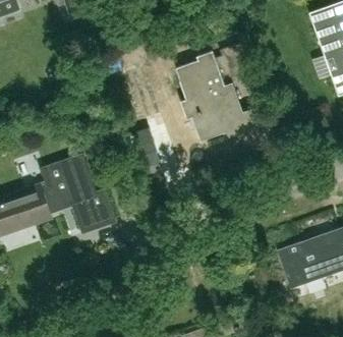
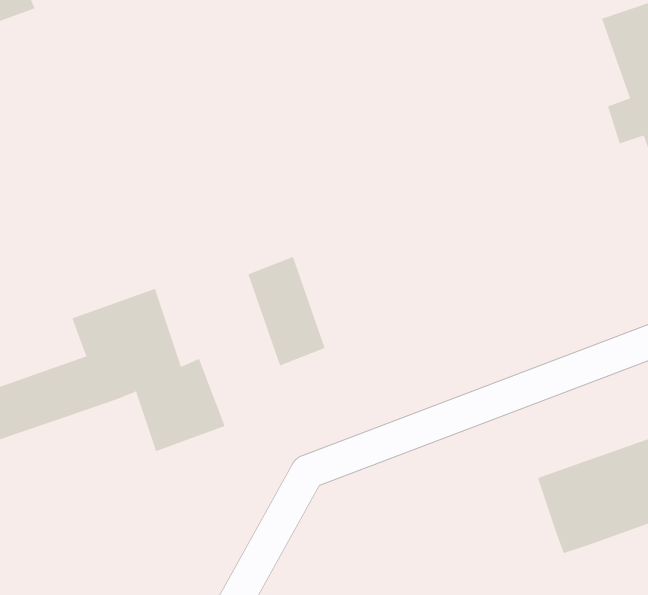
building: [175,42,251,141] -> none

